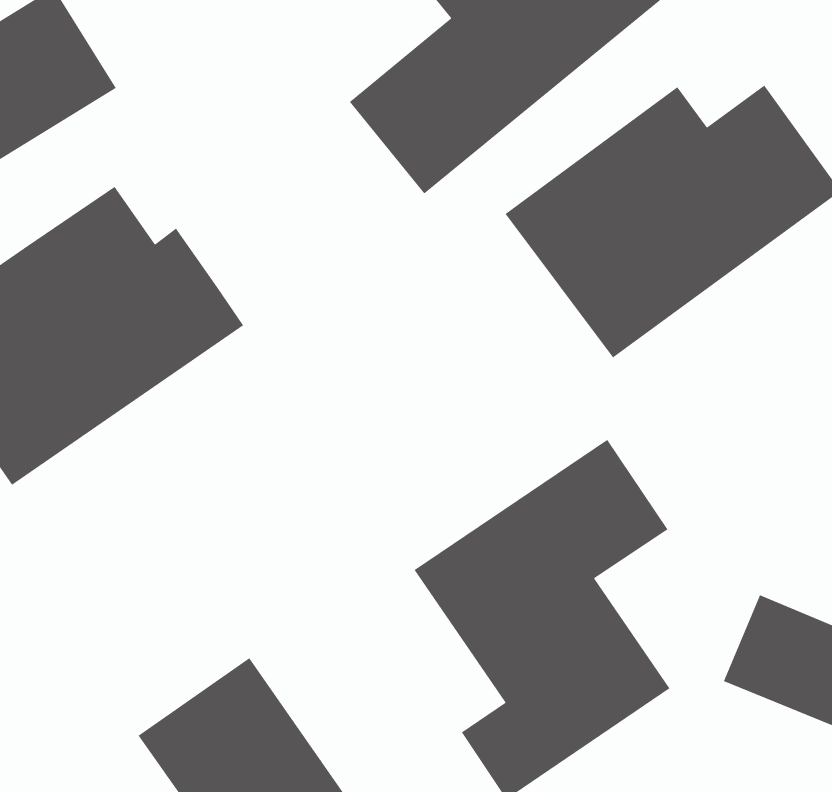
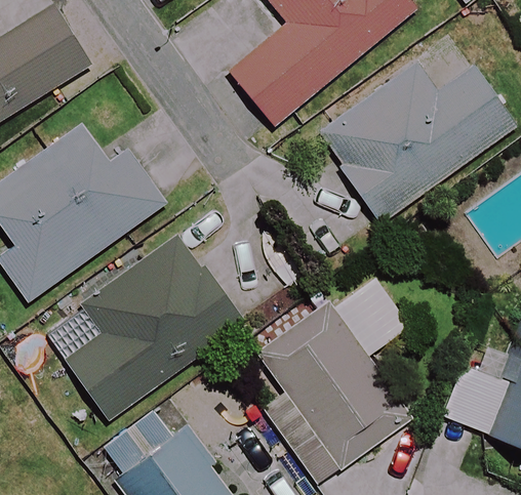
building: none -> [67,232,241,419]

